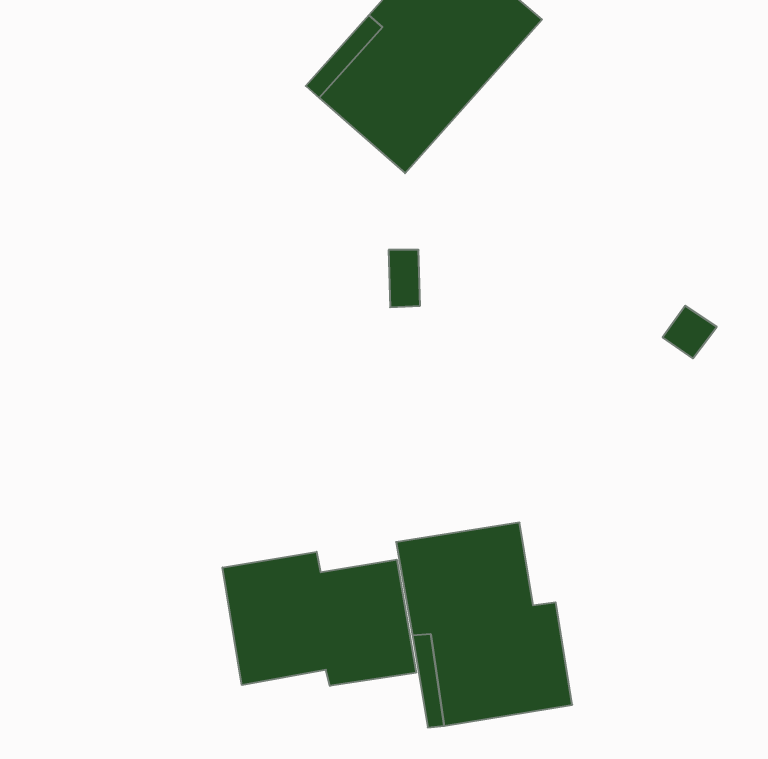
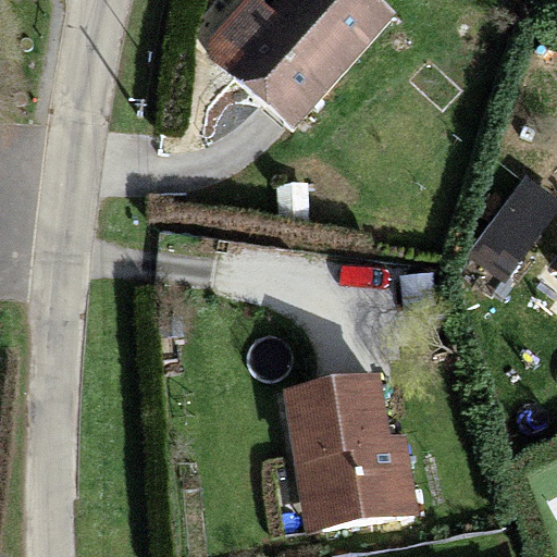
building: [223,552,416,686] -> none

